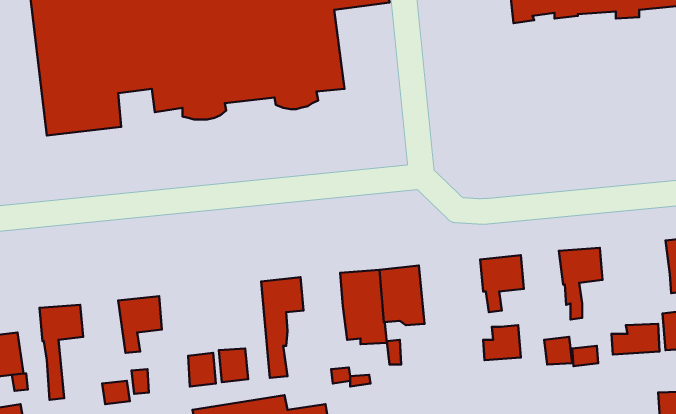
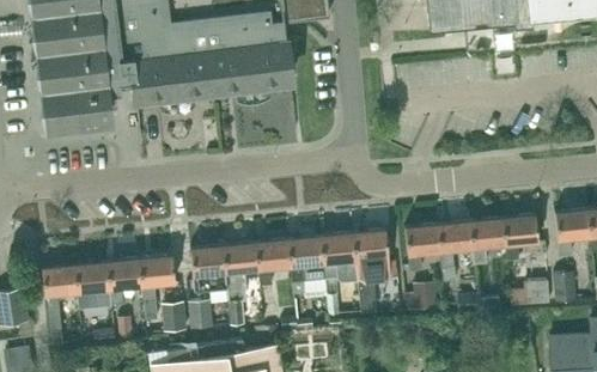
building: none -> [501,214,537,261]
building: none -> [437,220,471,280]
building: none -> [353,228,397,312]
building: none -> [256,238,291,285]
building: none -> [190,245,226,291]
building: none -> [140,255,175,319]
building: none -> [75,261,112,307]

